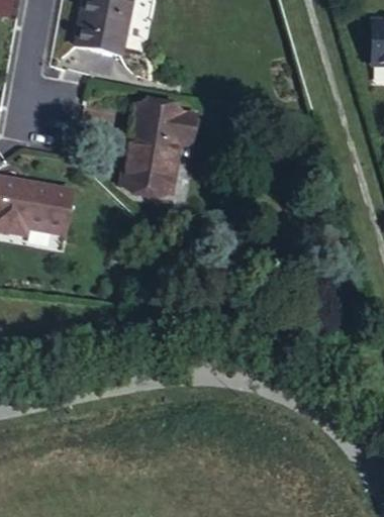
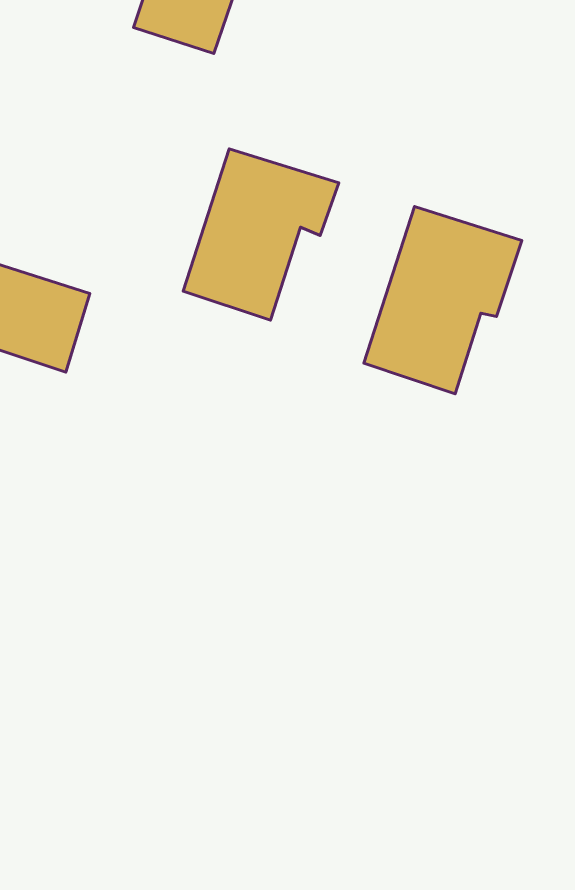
building: none -> [364,206,522,394]

